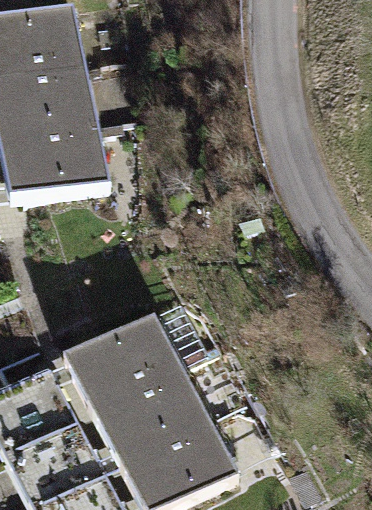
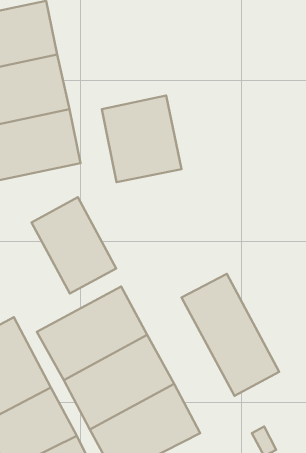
building: none -> [102,96,182,182]
building: none -> [31,197,116,294]
building: none -> [181,274,279,396]

